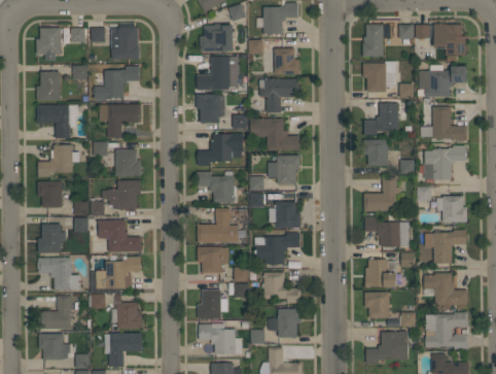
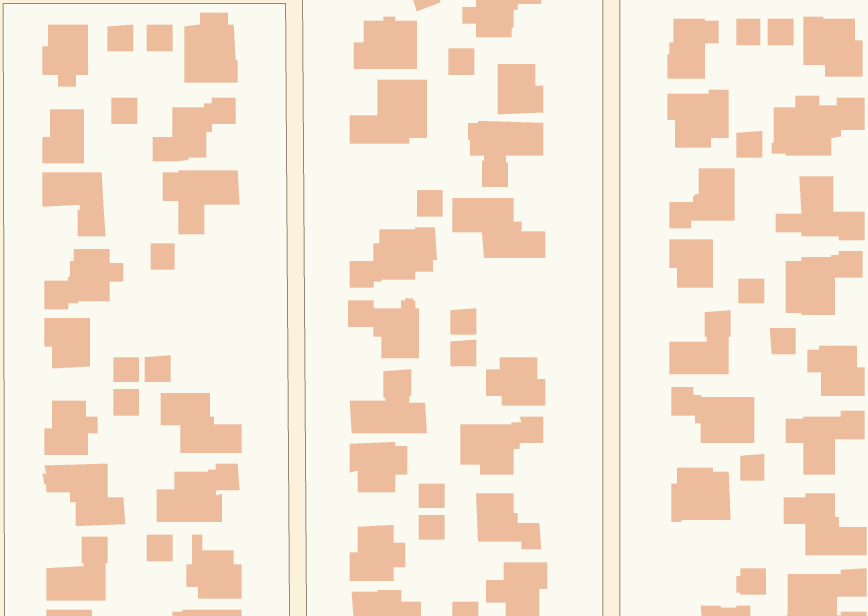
building: [197,95,225,124] -> none
building: [116,149,141,176] -> none
building: [269,156,300,184] -> none
building: [102,180,141,211] -> none
building: [365,293,390,318] -> none

